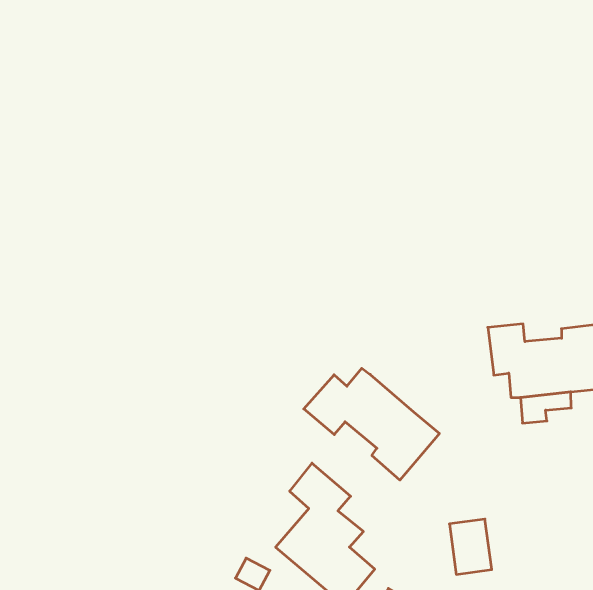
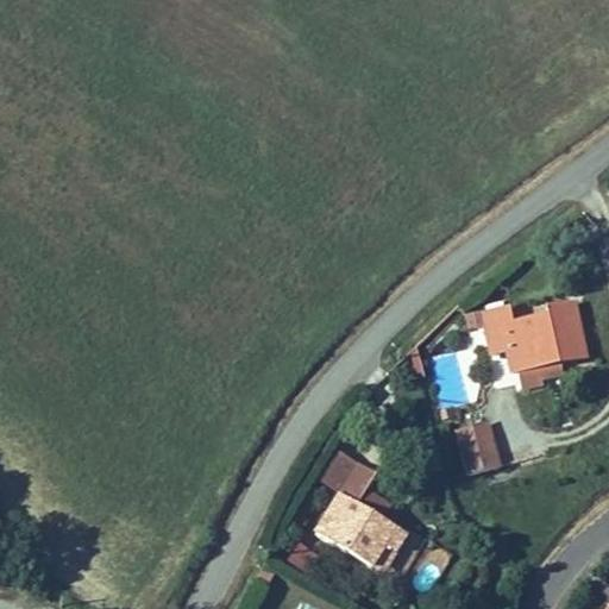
building: [304,368,439,480] -> none
building: [449,519,492,574] -> [457,420,500,472]

